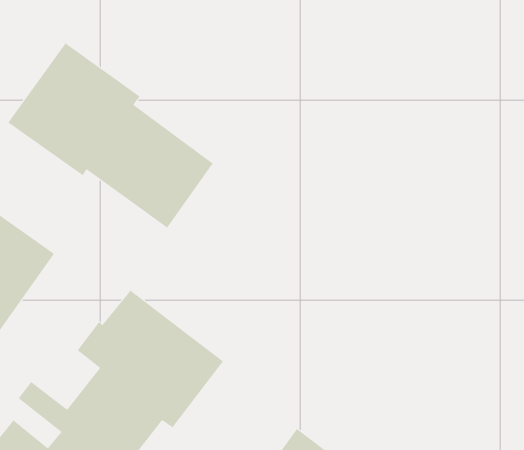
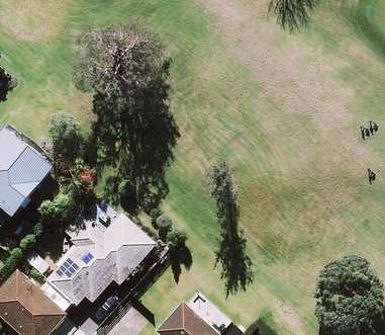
building: [8,43,213,228] -> none

